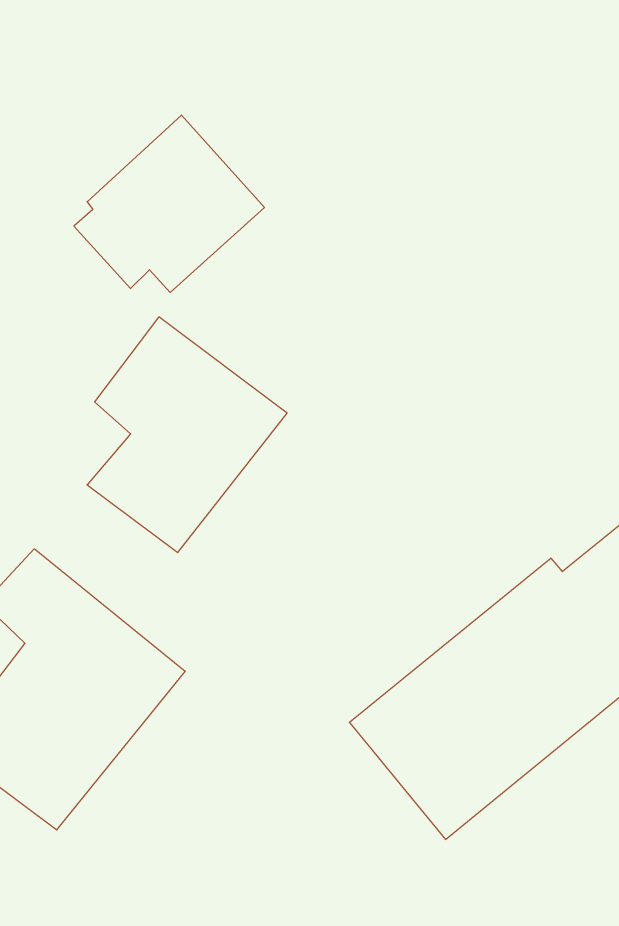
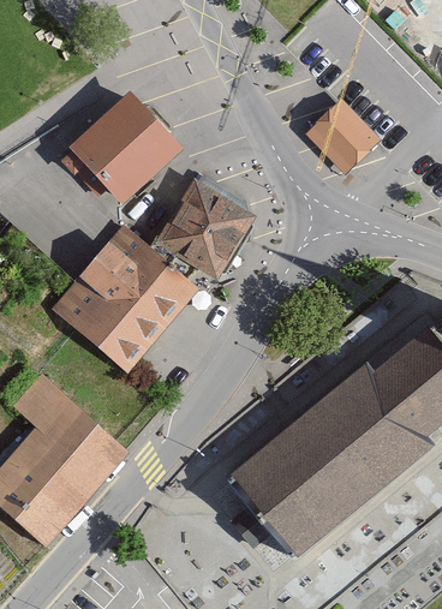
building: none -> [305,103,381,179]
building: none -> [156,174,255,279]

